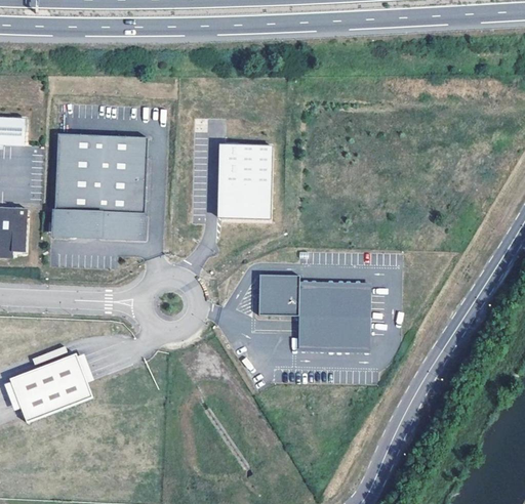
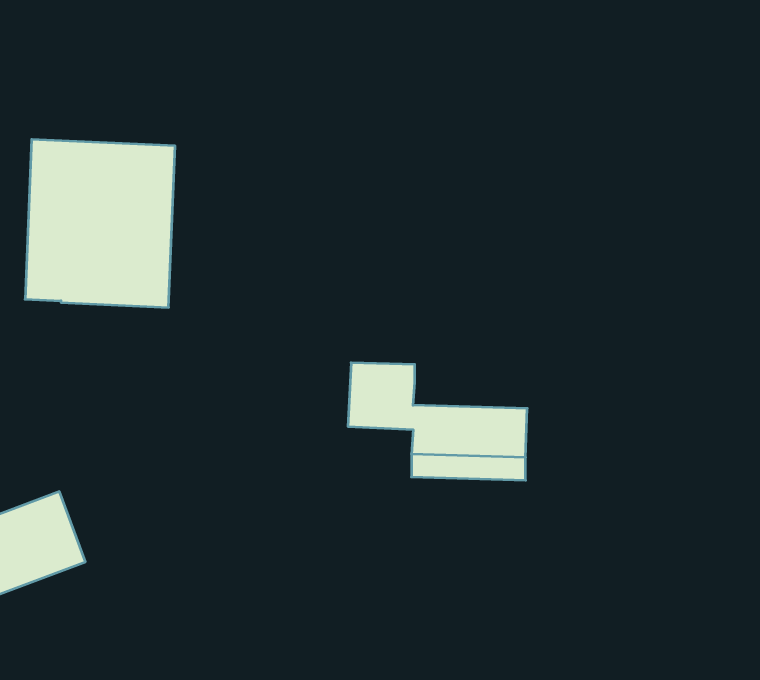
building: [220,144,268,220] -> none
building: [296,286,368,302] -> none

